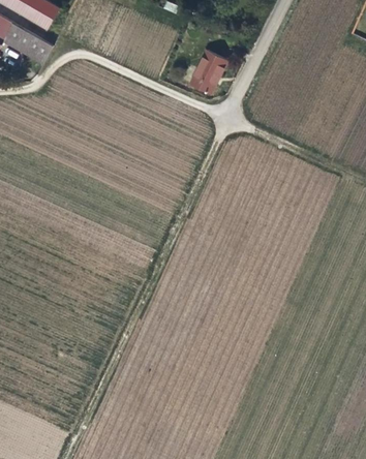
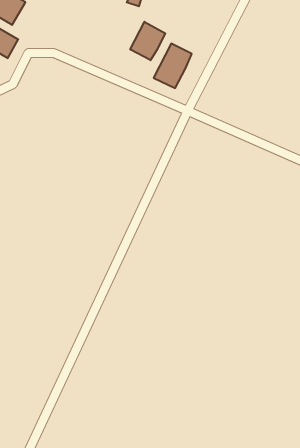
building: none -> [130,22,165,60]

